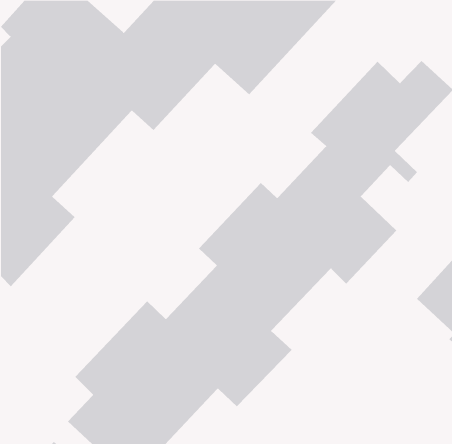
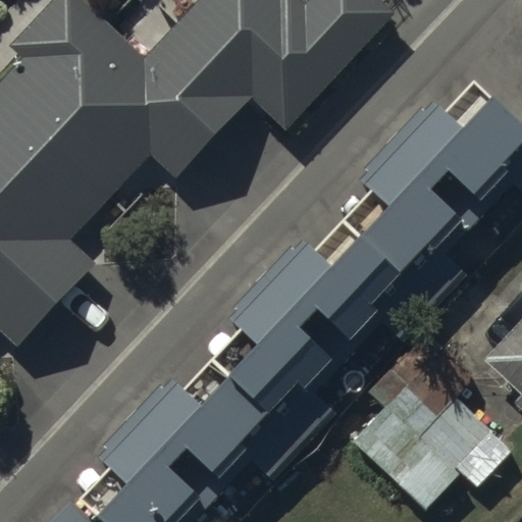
building: none -> [354,343,489,505]

